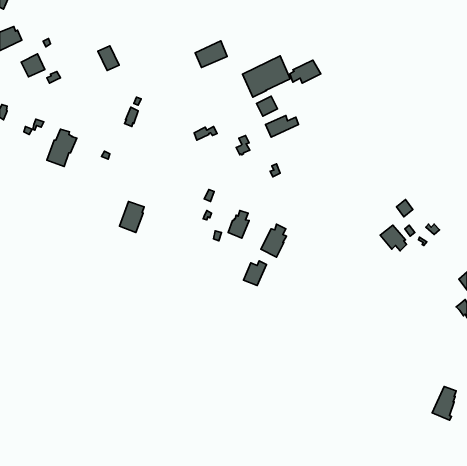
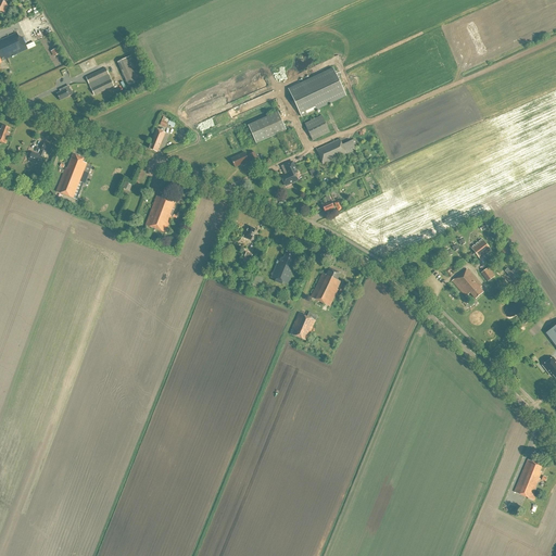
building: [195,41,227,68] -> [247,110,285,141]
building: [21,54,45,77] -> [85,66,113,93]
building: [290,60,321,83] -> none
building: [119,201,144,233] -> [144,194,174,231]

